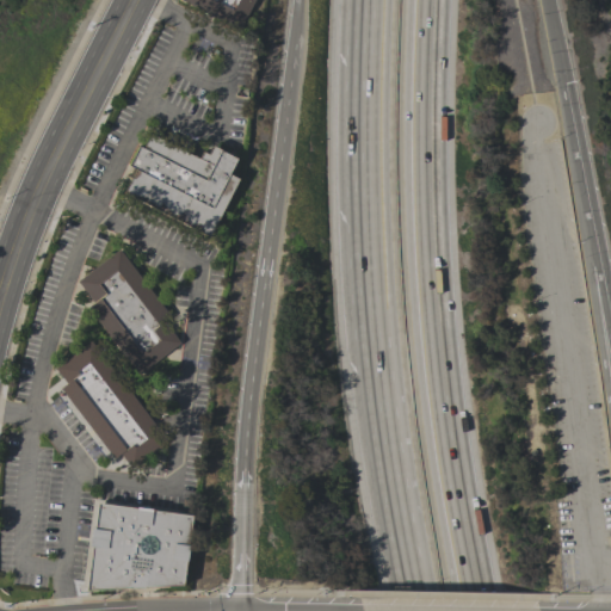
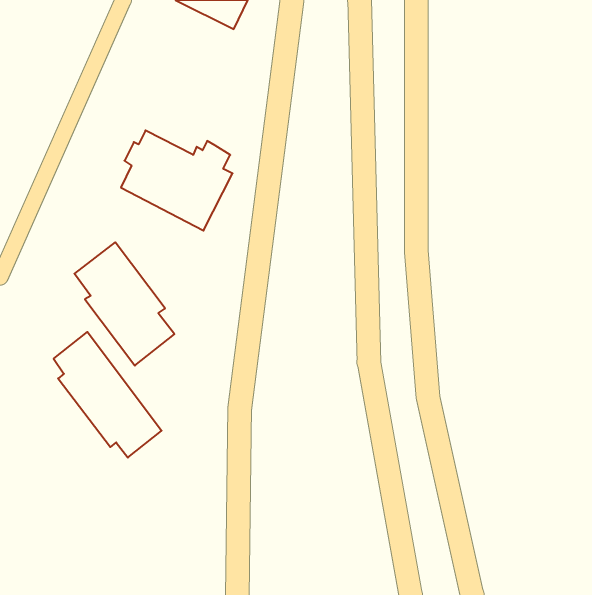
building: [88,502,195,591] -> none

